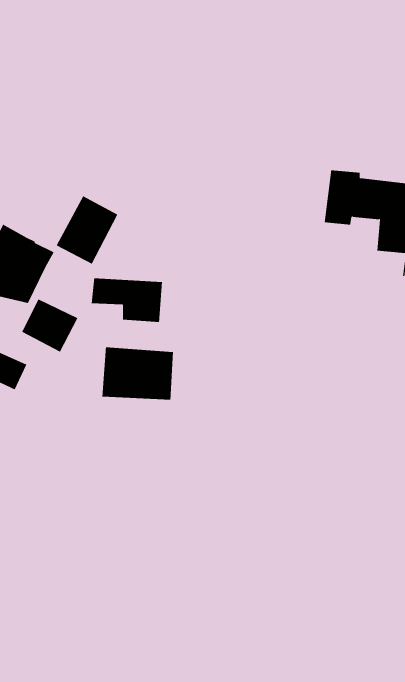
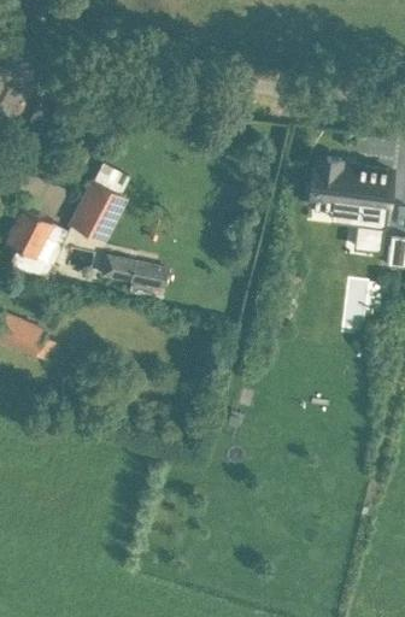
building: [21,298,78,353] -> none
building: [102,347,173,401] -> none

